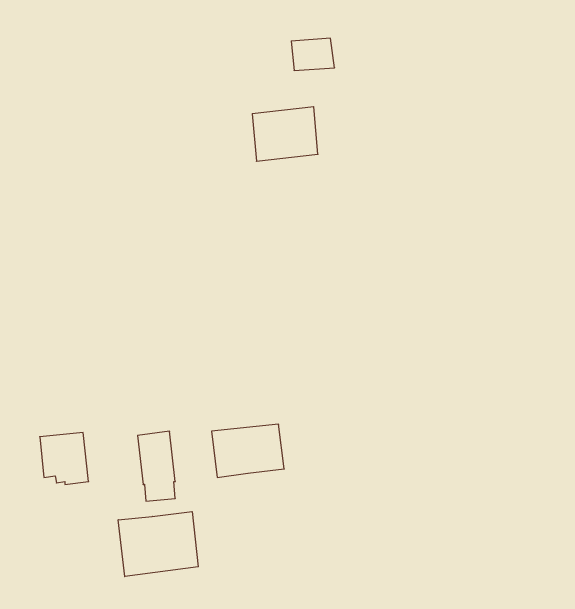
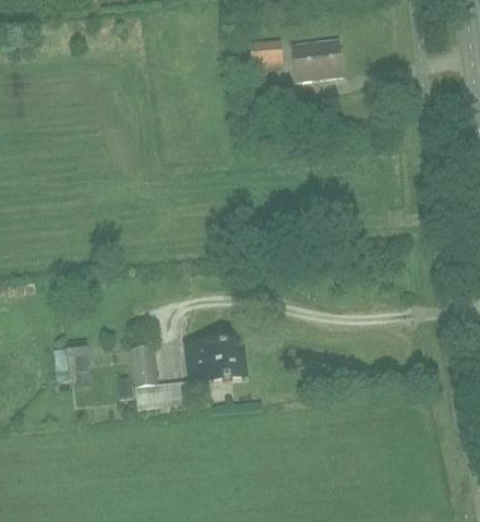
building: [252,107,318,161] -> [291,38,343,81]
building: [118,512,198,577] -> none

